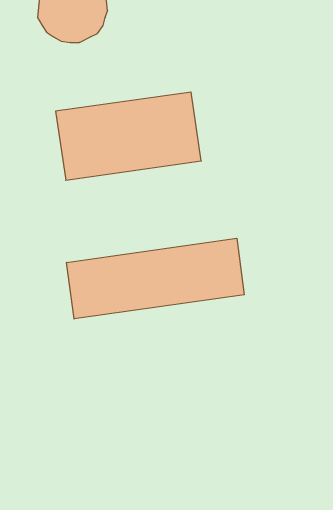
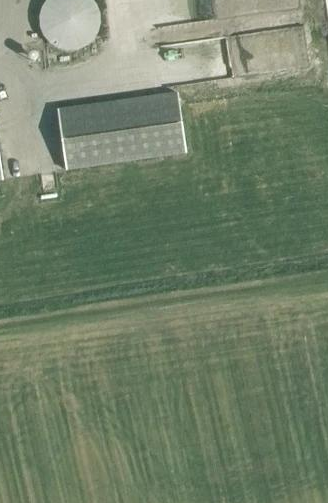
building: [67,238,244,319] -> none

